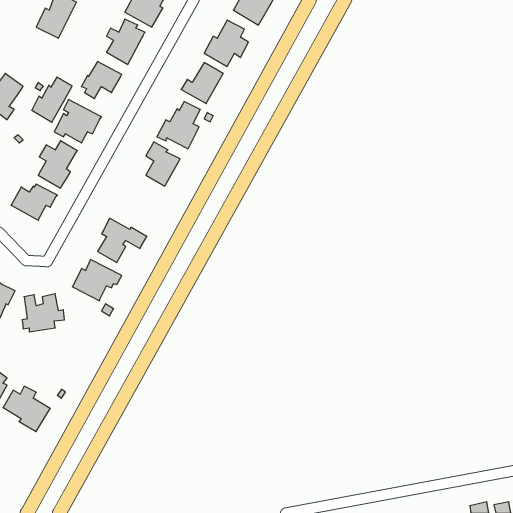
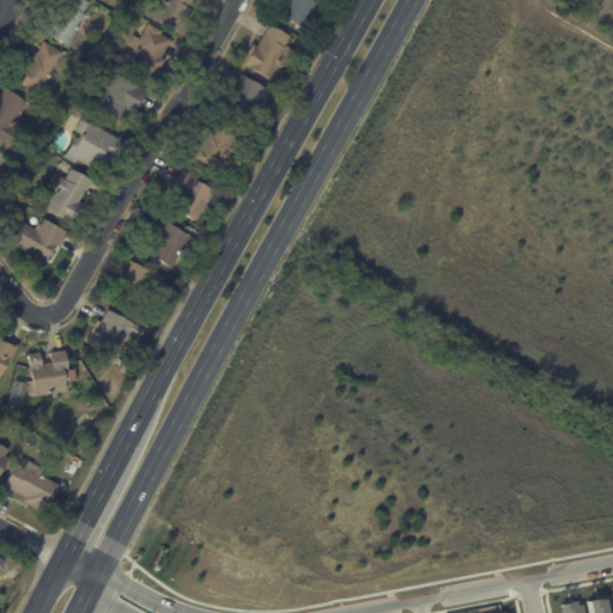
building: [32,77,72,122] -> [16,41,63,95]
building: none -> [150,219,195,272]

